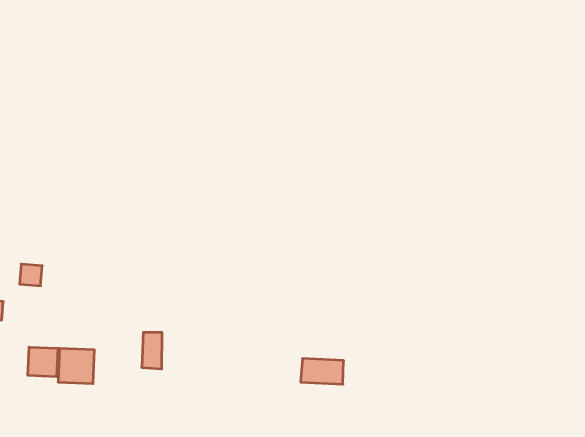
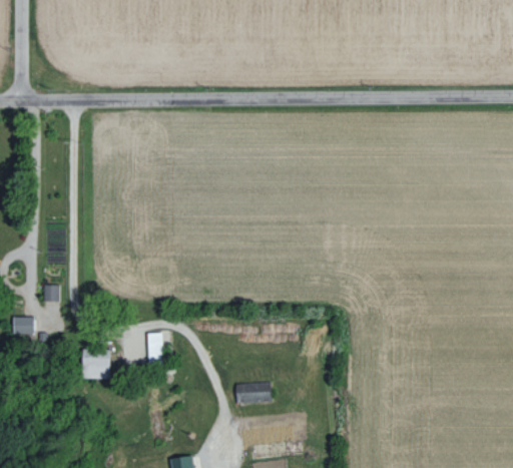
building: [28,347,58,377] -> none
building: [301,359,344,384] -> [236,383,271,403]

